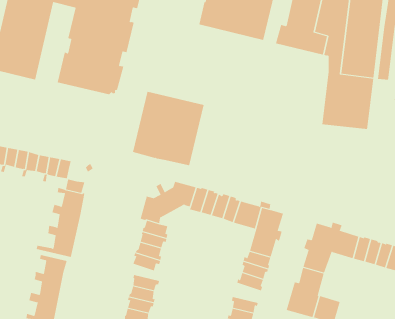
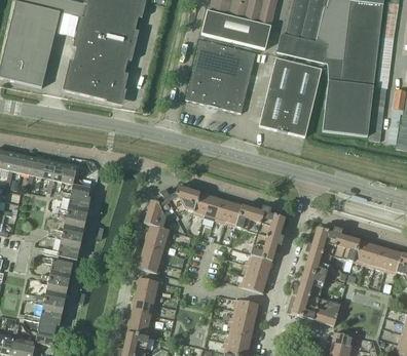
building: none -> [259,57,322,136]
building: [132,91,205,166] -> [185,39,256,112]

